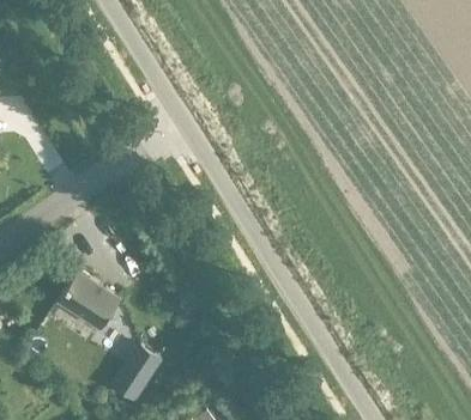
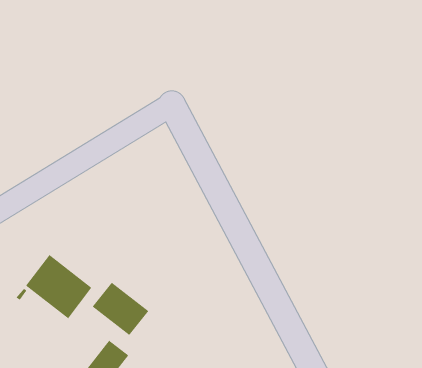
building: none -> [92,282,149,336]

